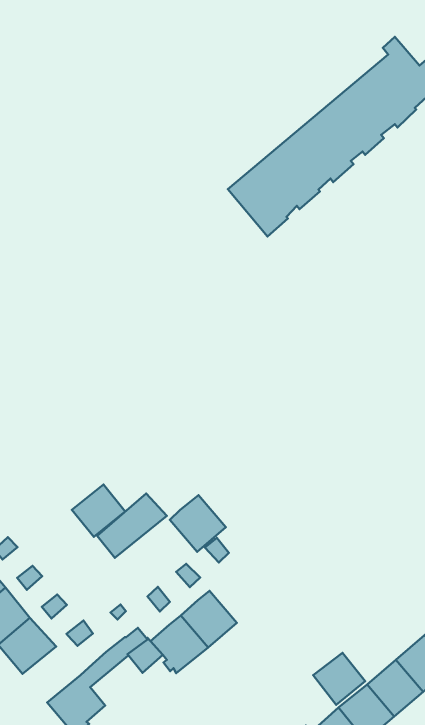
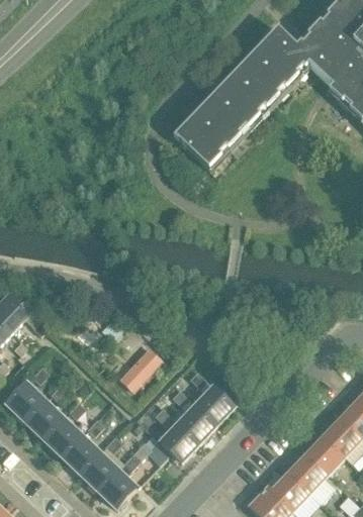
building: [72,484,125,537] -> none
building: [170,495,226,552] -> [196,386,234,423]
building: none -> [79,451,117,489]
building: [313,653,365,705] -> none

